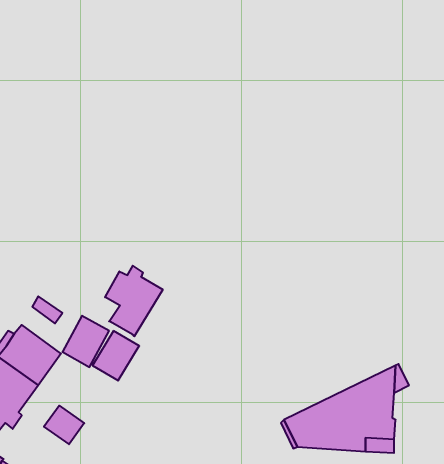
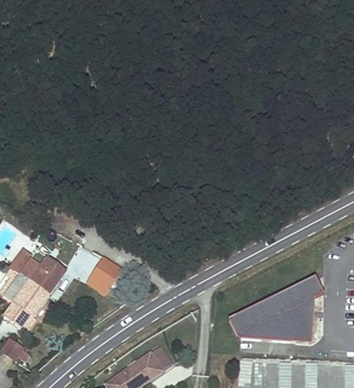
building: [105,266,163,336] -> none
building: [44,406,84,444] -> none

